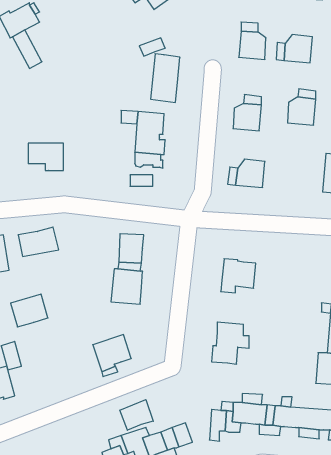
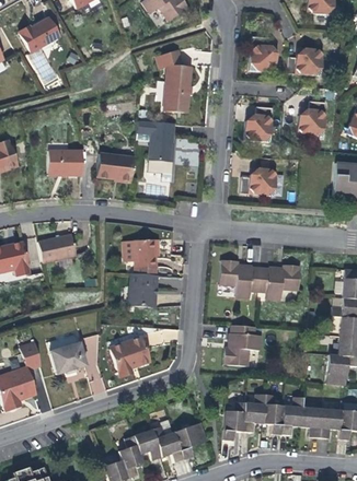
building: none -> [97,156,133,185]
building: none -> [217,258,237,284]
building: none -> [264,263,298,300]
building: [11,294,48,327] -> [48,342,84,374]
building: [120,400,153,430] -> none

